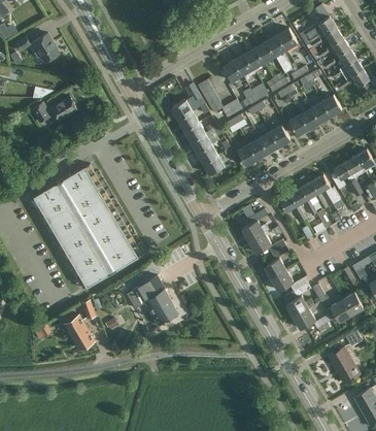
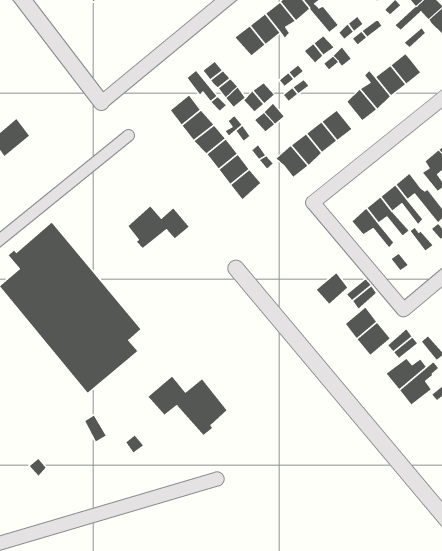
building: none -> [128,206,190,249]
building: [241,209,268,242] -> none
building: [64,316,94,351] -> none

